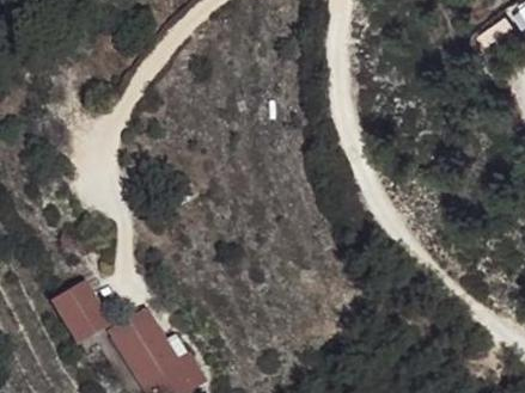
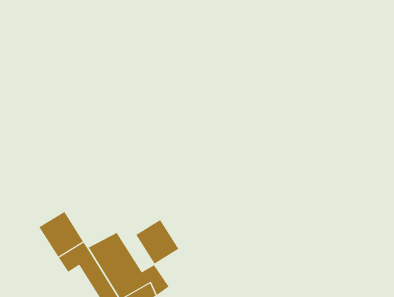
building: none -> [135,219,179,265]

